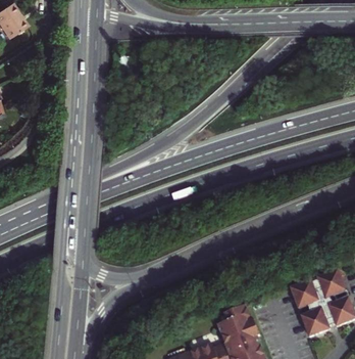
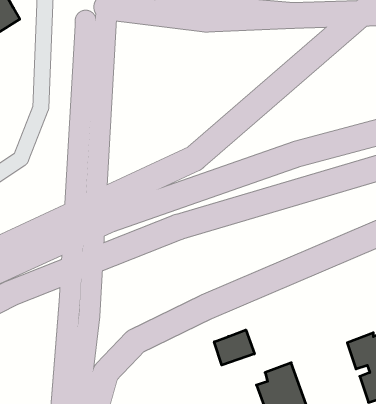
building: none -> [214,330,254,365]

